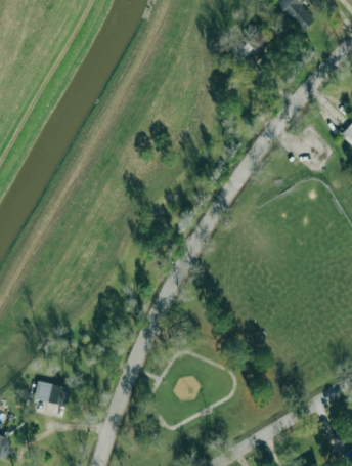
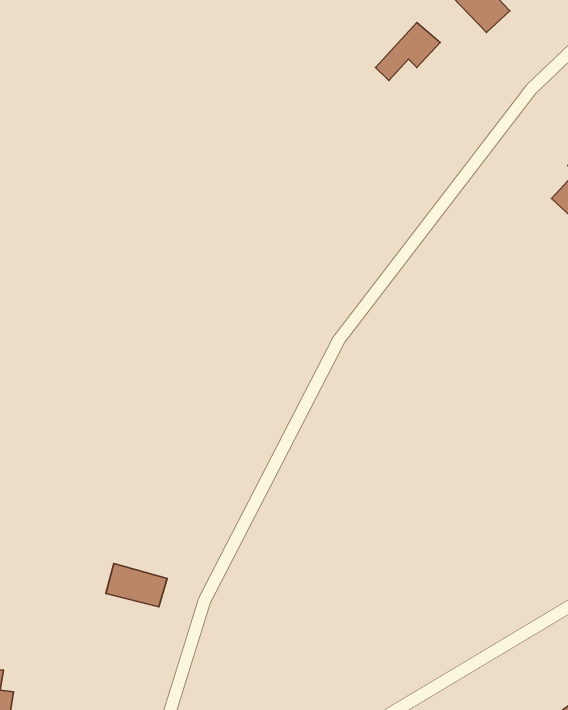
building: [33,381,71,408] -> [106,564,167,607]

